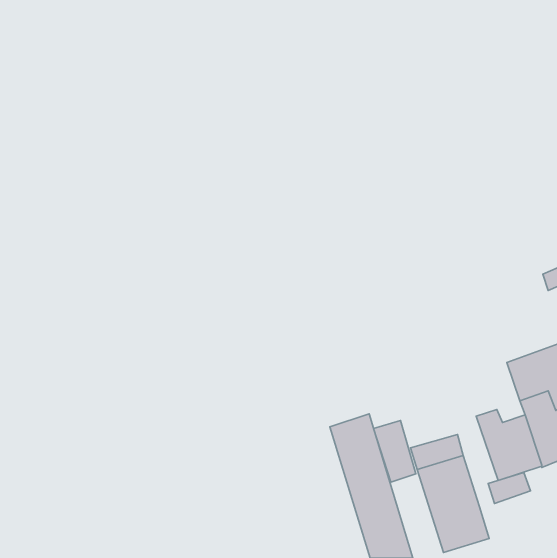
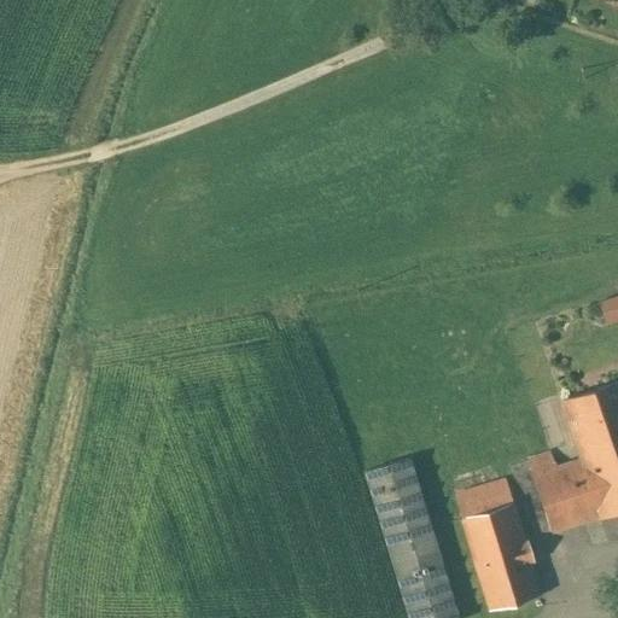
building: [374,420,416,482] -> none
building: [488,472,530,503] -> none

